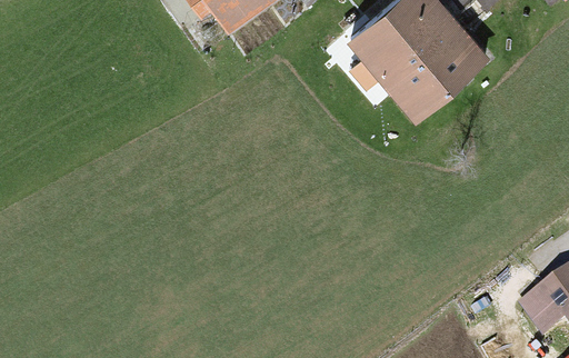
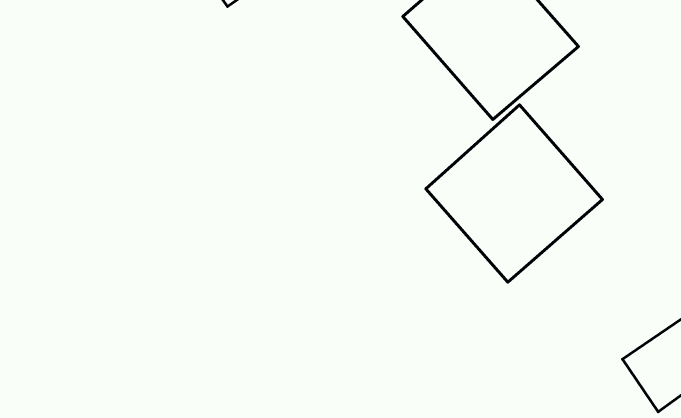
building: none -> [426,105,602,282]

